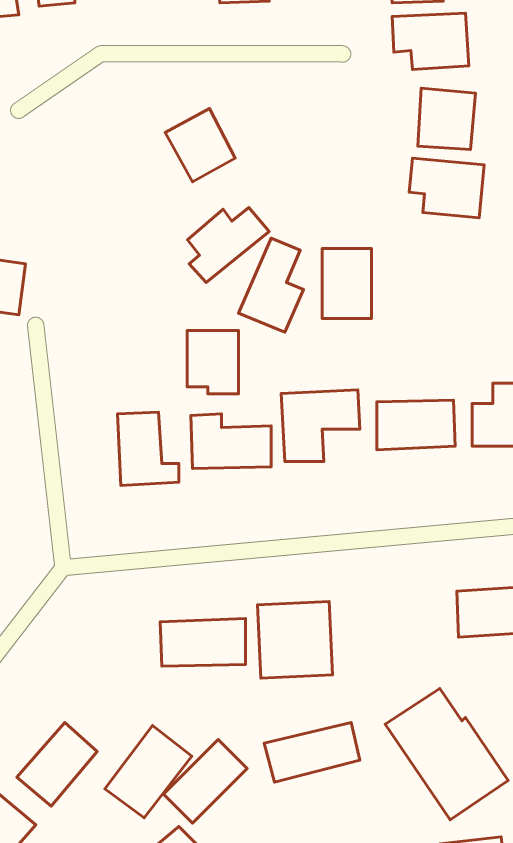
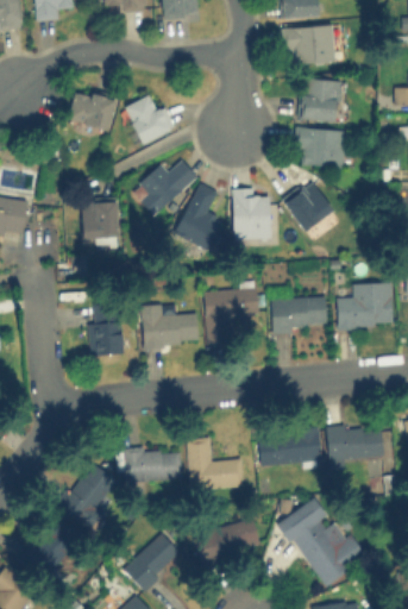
building: none -> [68,90,114,131]
building: none -> [283,182,333,232]
building: [187,331,238,394] -> [81,201,117,245]
building: none -> [258,429,320,466]
building: [105,726,192,818] -> [58,463,119,527]

